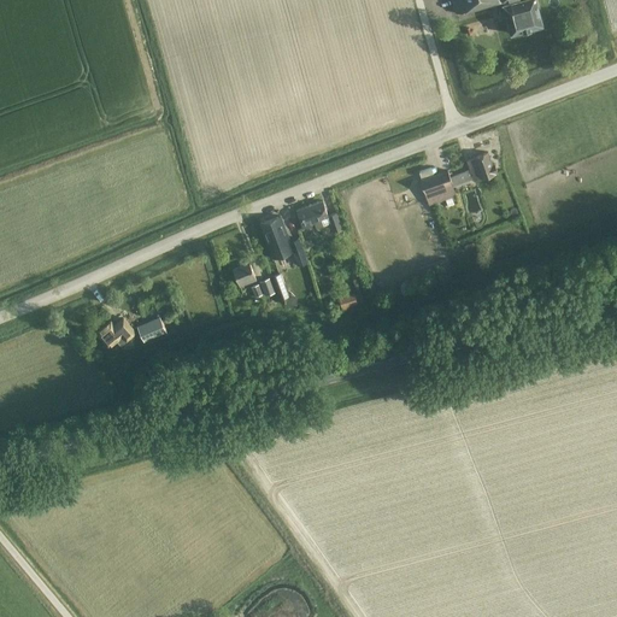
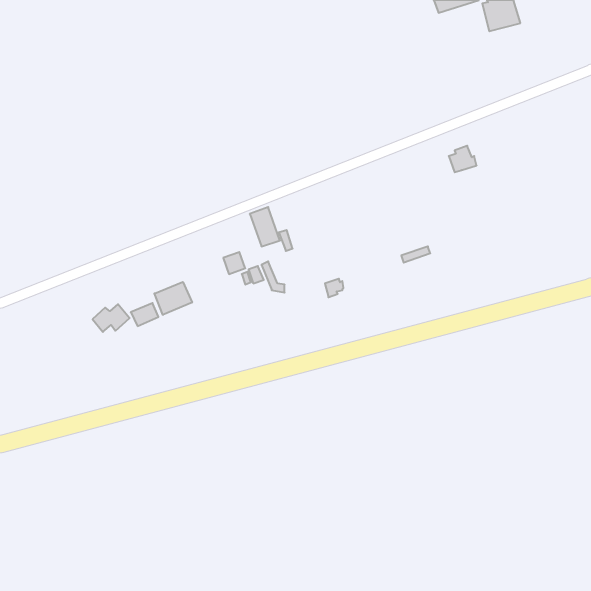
building: [419,170,454,207] -> none
building: [296,200,341,231] -> none
building: none -> [154,282,192,315]

